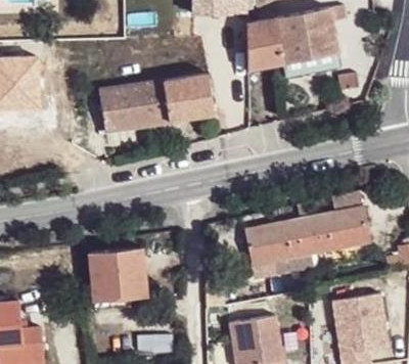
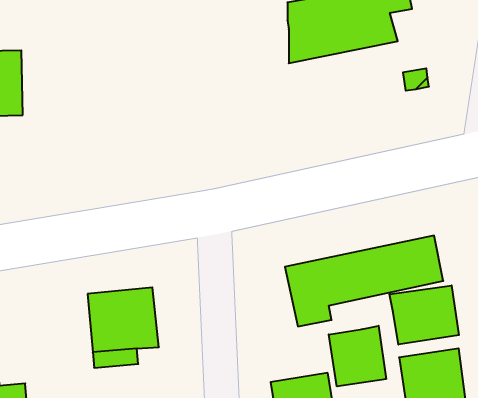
building: [98,74,238,132] -> none
building: none -> [389,285,459,345]
building: none -> [329,326,386,386]

